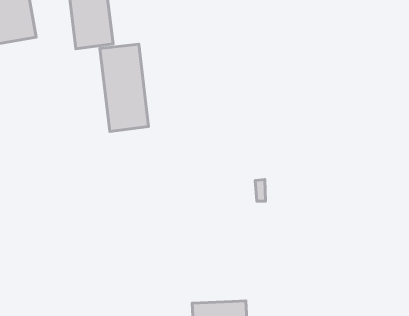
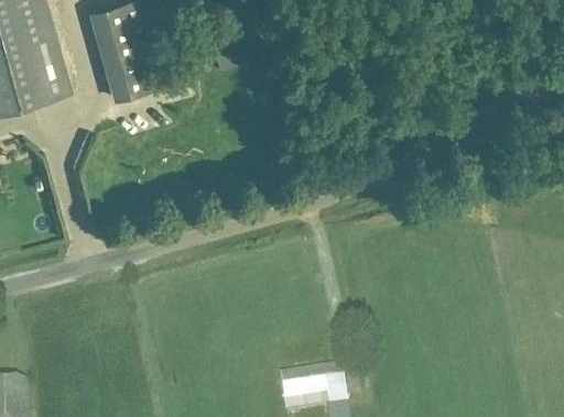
building: [100,44,149,131] -> none

